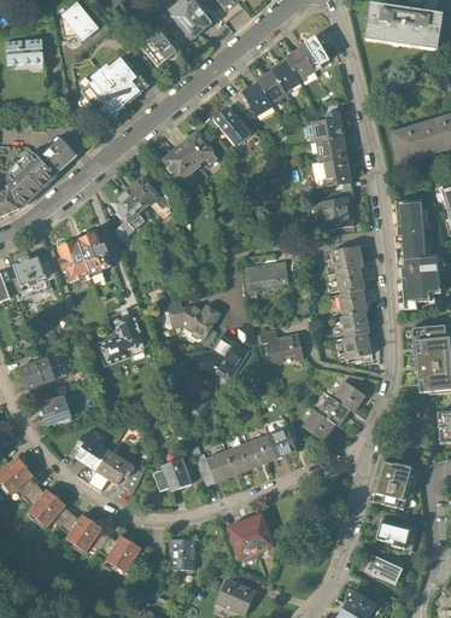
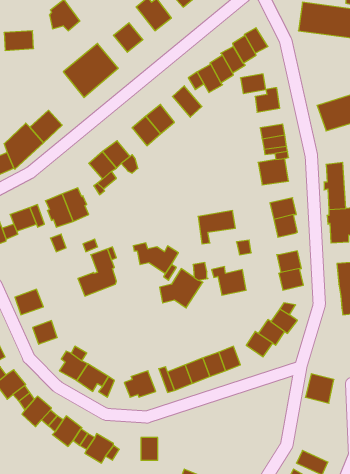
building: [316,135,347,159] -> [240,74,266,94]
building: [339,288,368,315] -> none
building: [228,513,274,559] -> none
building: [375,519,409,544] -> none

